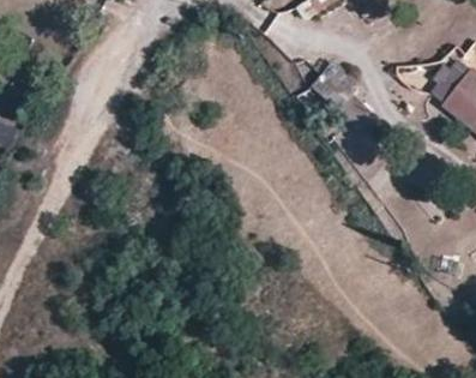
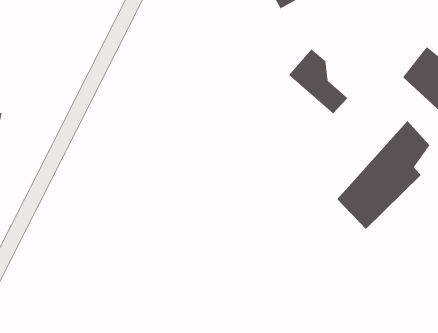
building: none -> [336,120,430,230]

